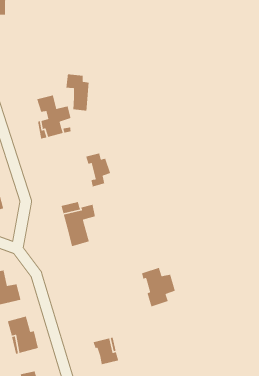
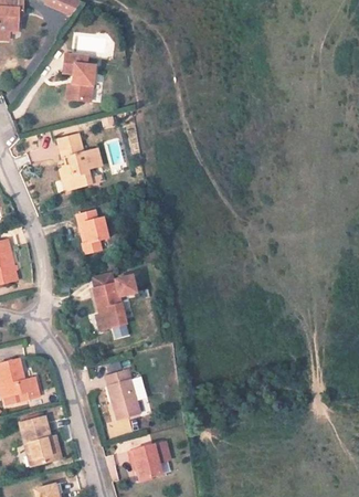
building: [65,73,90,112] -> [62,54,93,103]
building: [85,153,111,187] -> [76,209,109,253]
building: [141,267,176,308] -> [106,368,150,420]

